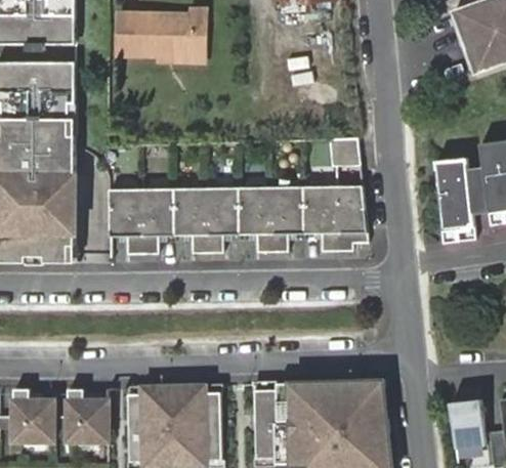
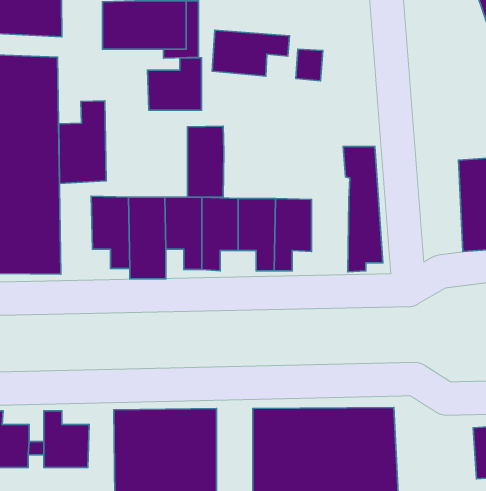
building: none -> [212,30,290,76]
building: none -> [147,58,202,110]
building: none -> [59,101,106,183]
building: none -> [187,126,224,197]
building: [305,193,339,258] -> none

